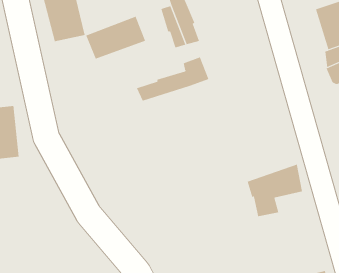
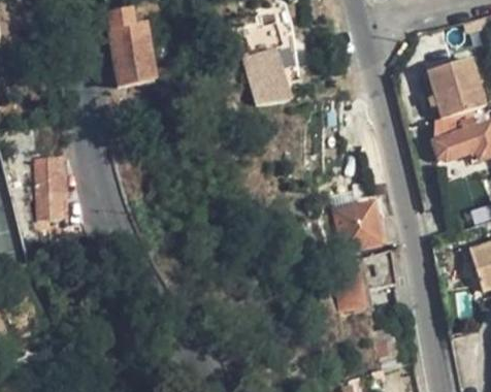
building: [85,16,146,60] -> none
building: [136,56,209,102] -> none
building: none -> [334,200,398,252]

